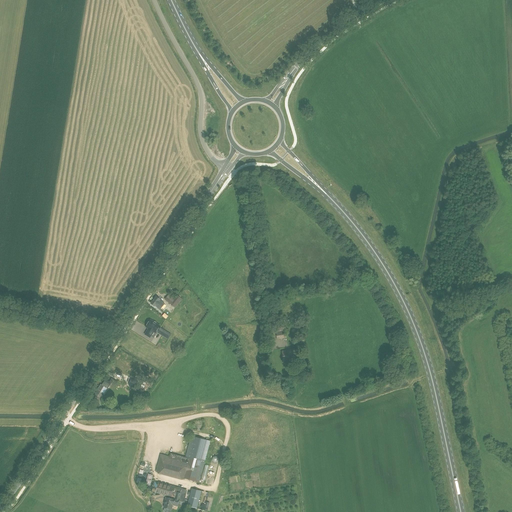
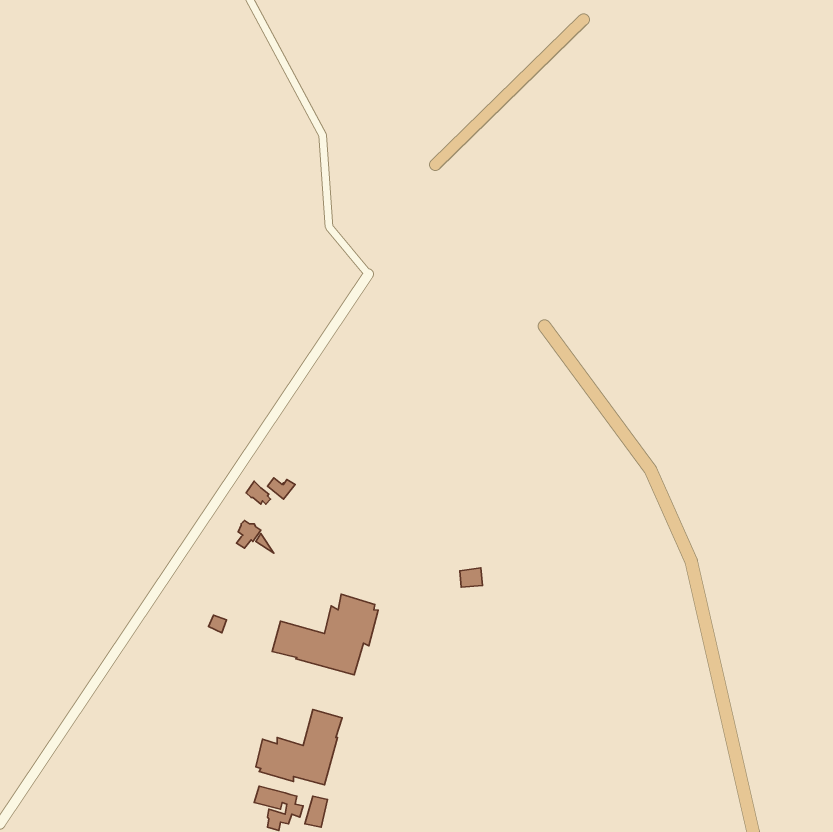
building: none -> [272,594,378,675]

